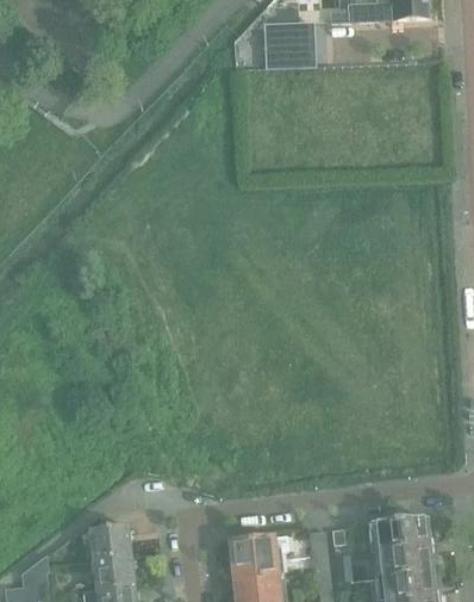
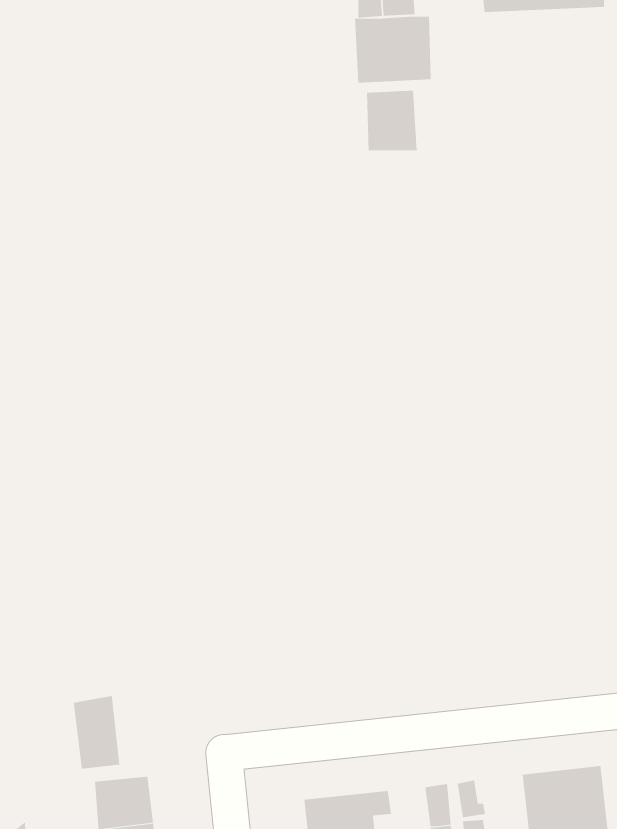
building: none -> [366,90,417,151]
building: none -> [73,695,120,770]

